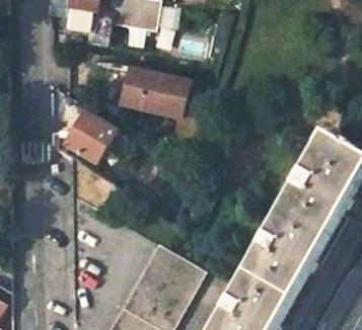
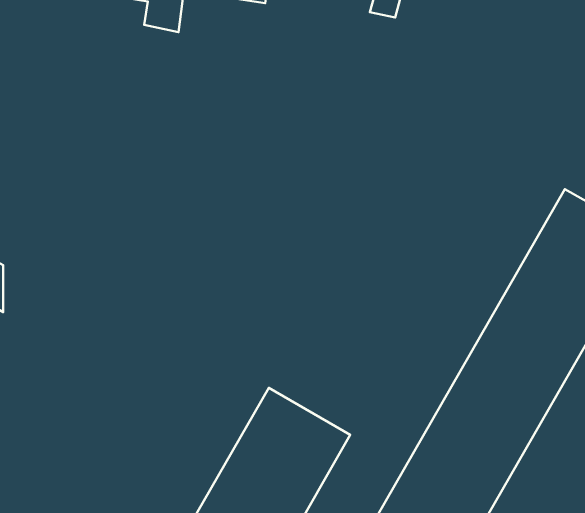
building: [123,68,211,139] -> none
building: [64,108,114,160] -> none

